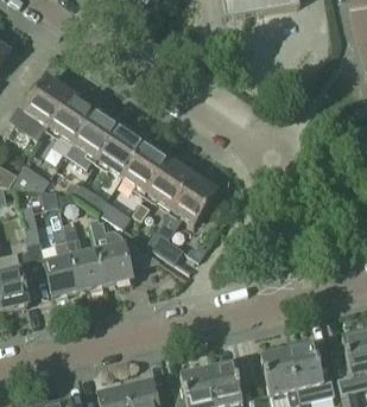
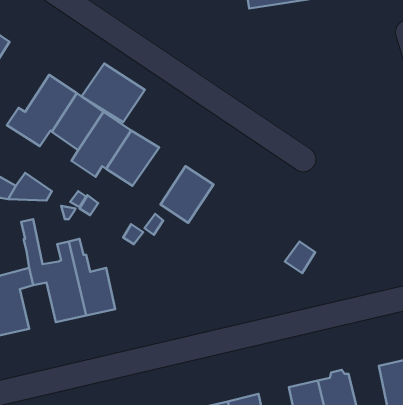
building: none -> [81,63,145,122]
building: [120,140,167,191] -> none
building: [146,173,220,261] -> none
building: [89,218,158,285] -> none

